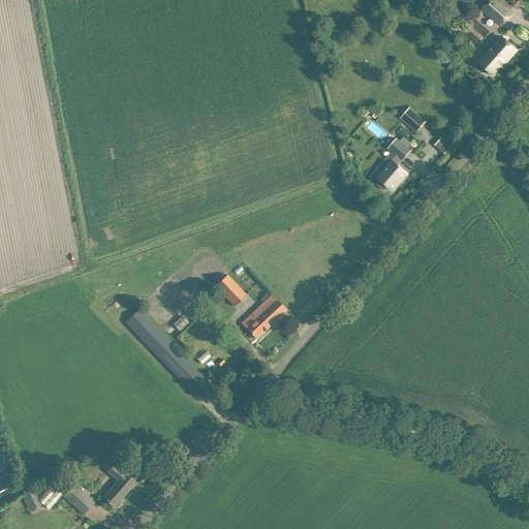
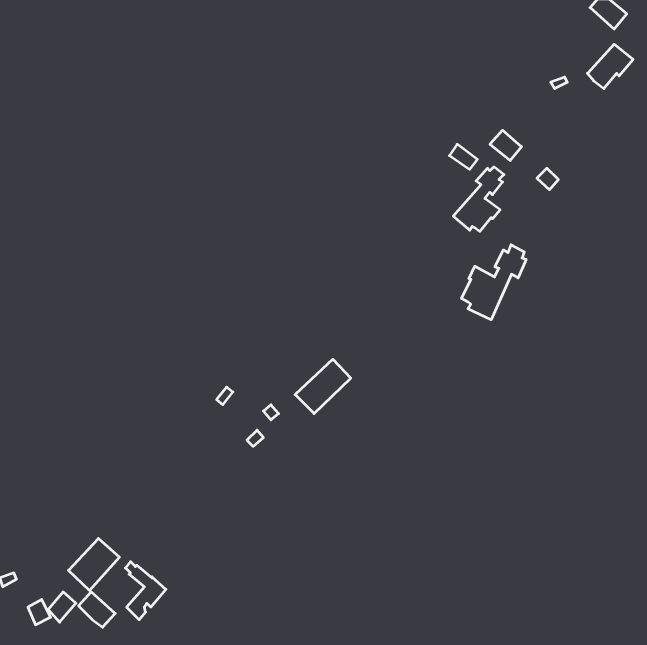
building: none -> [462,245,526,320]
building: [214,273,247,306] -> none
building: [125,308,210,396] -> none
building: none -> [68,538,119,590]

